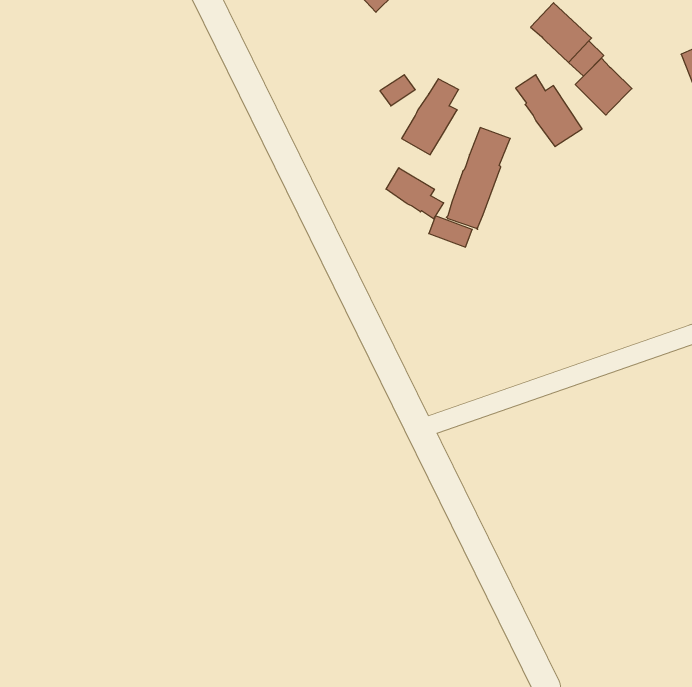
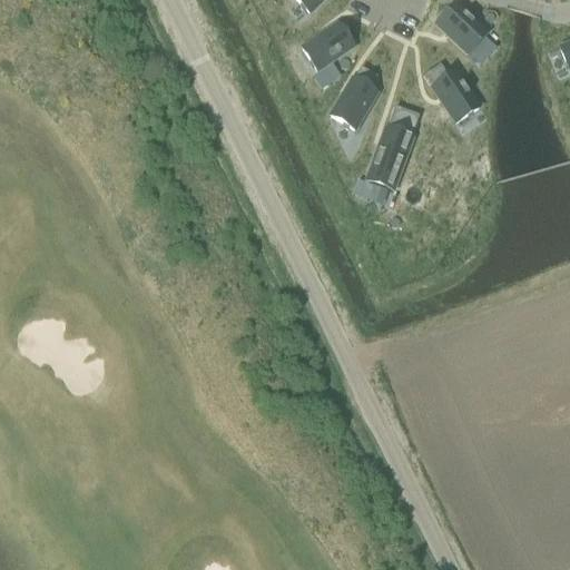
building: none -> [302,21,353,68]
building: [575,58,632,115] -> none
building: [386,168,444,219] -> none

